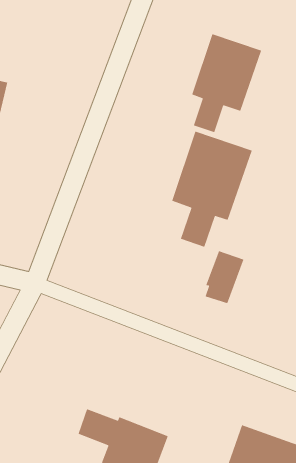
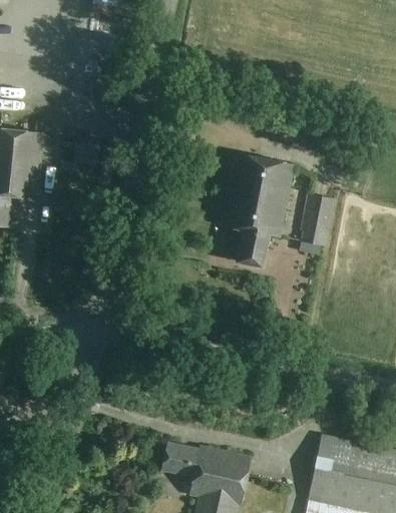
building: [191,33,262,133] -> none
building: [204,250,245,304] -> [301,194,336,246]

